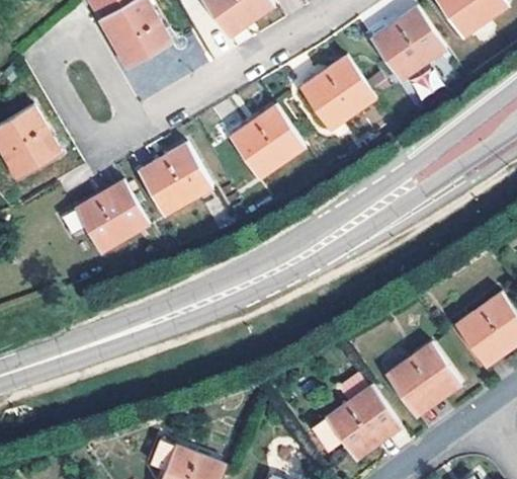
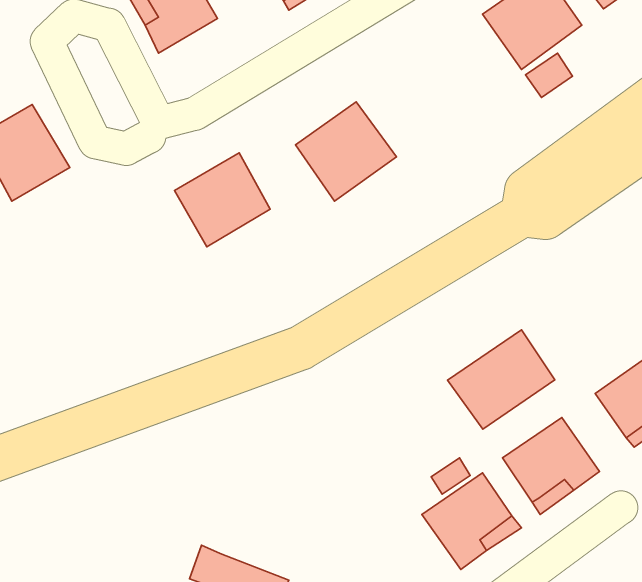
building: [300,58,375,130] -> none
building: [75,179,149,250] -> none
building: none -> [448,330,555,429]

